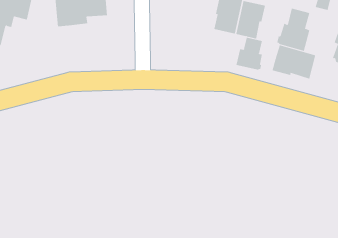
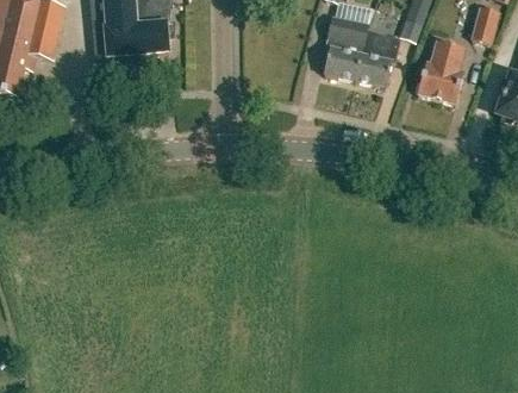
building: [236,37,263,70] -> none
building: [272,44,316,79] -> none

